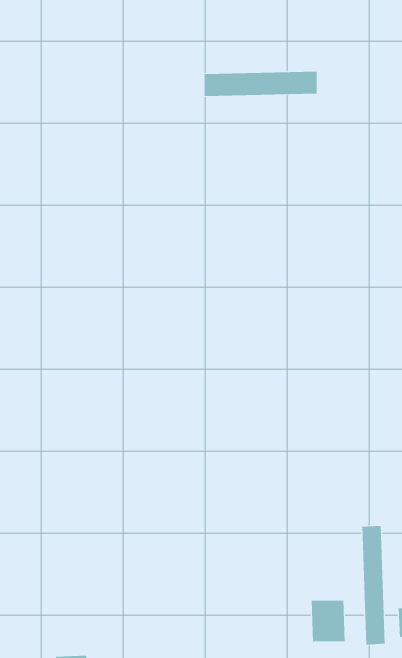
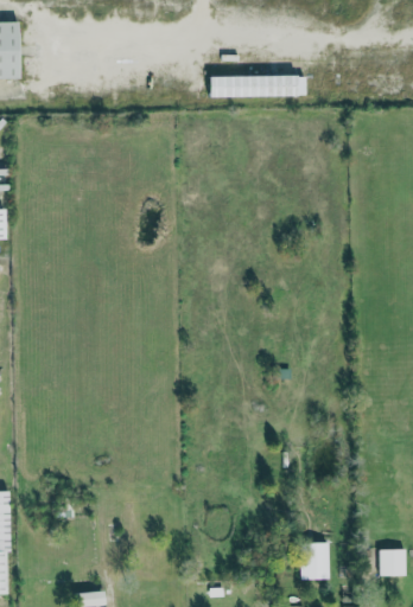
building: [362,525,385,645] -> none

